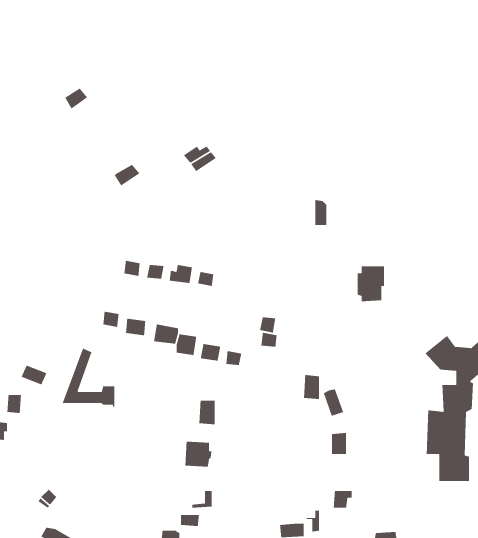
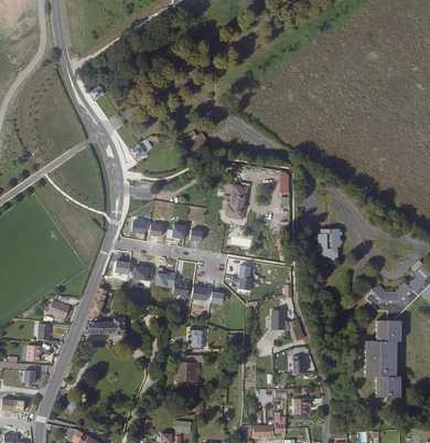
building: none -> [226,186,248,219]

